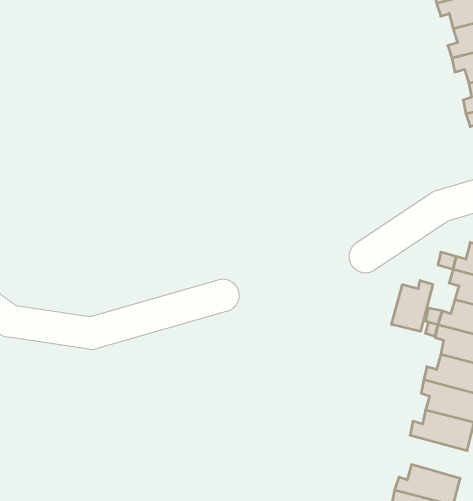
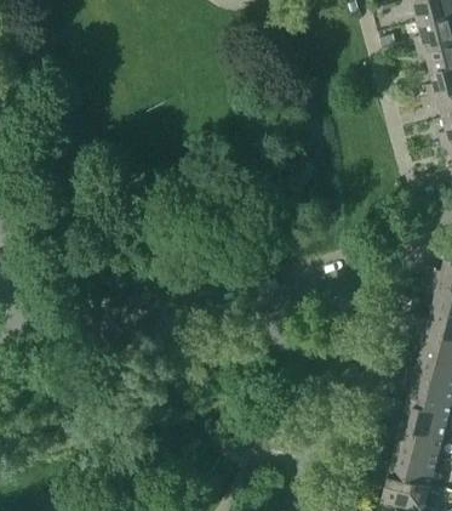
building: [392,280,433,331] -> none
building: none -> [390,424,444,461]

